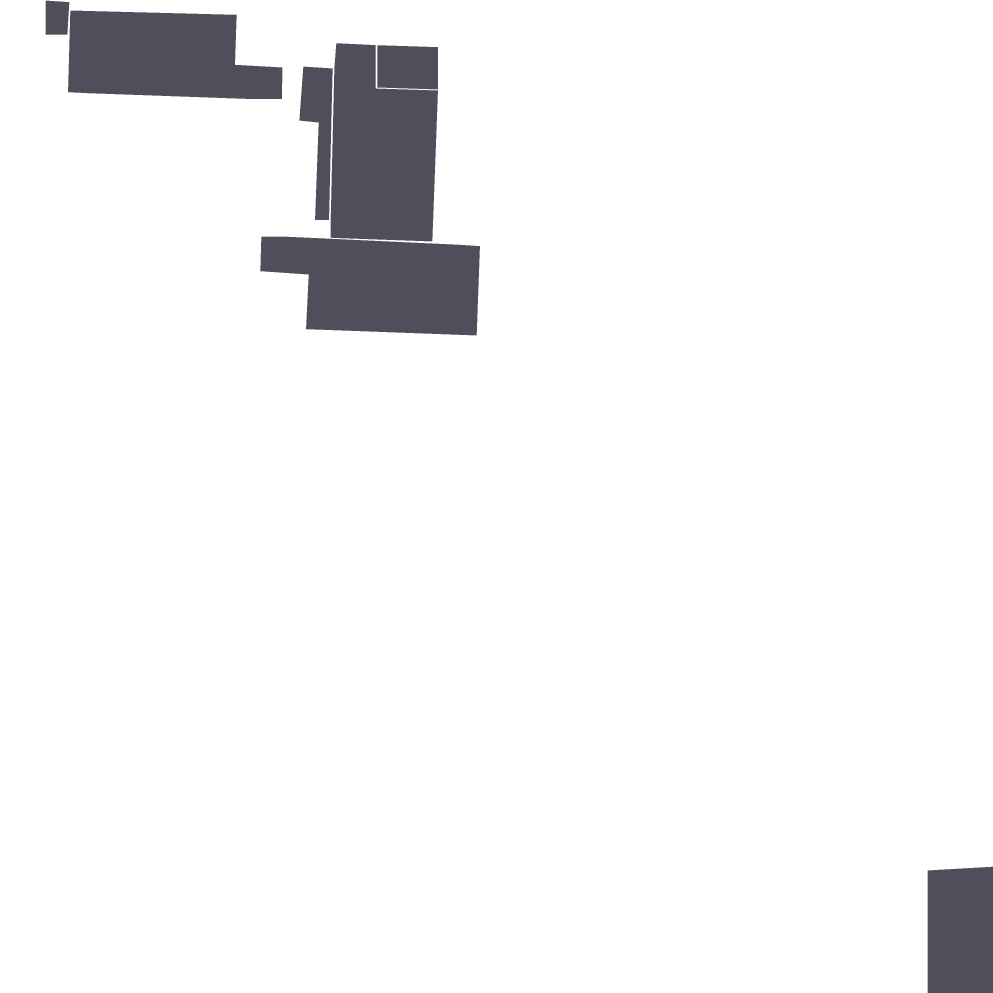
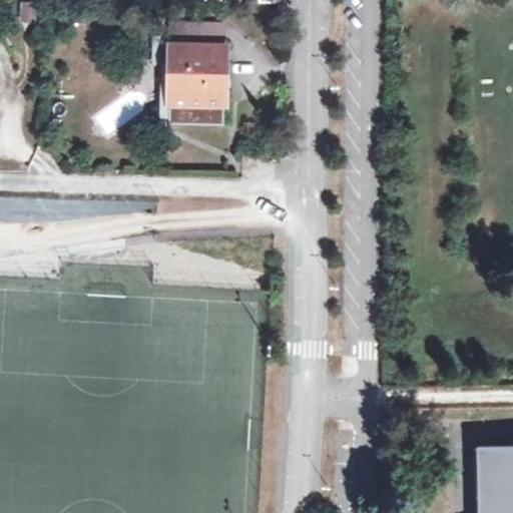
building: [68,10,283,100] -> none
building: [260,236,480,336] -> none

